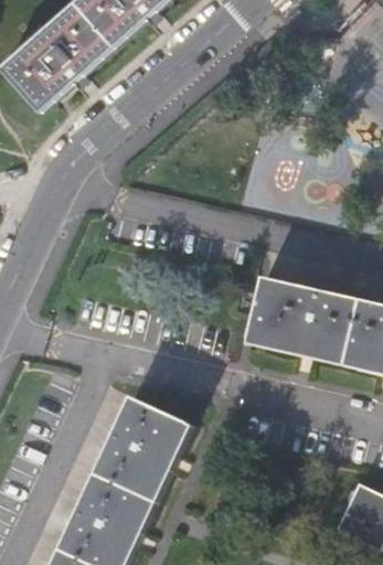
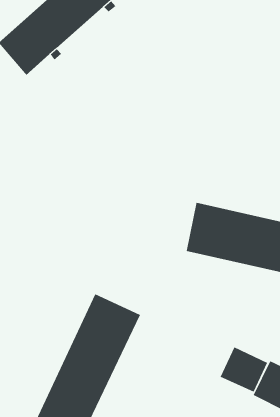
building: none -> [220,347,268,393]

